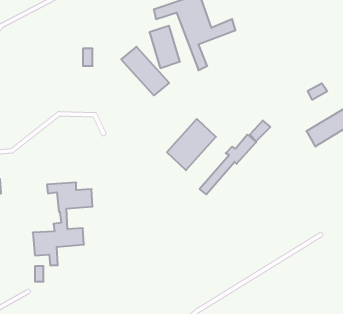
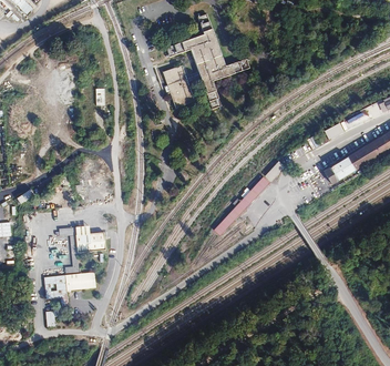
building: [121,47,169,95] -> none
building: [167,119,216,170] -> none

